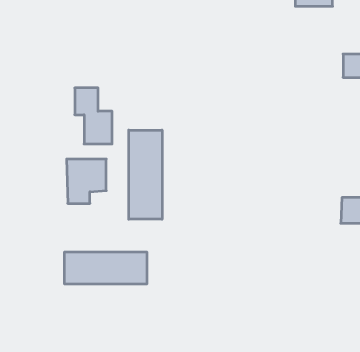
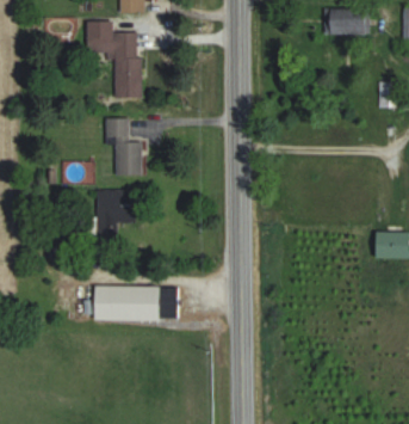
building: none -> [85,33,138,94]
building: [129,130,162,219] -> none

